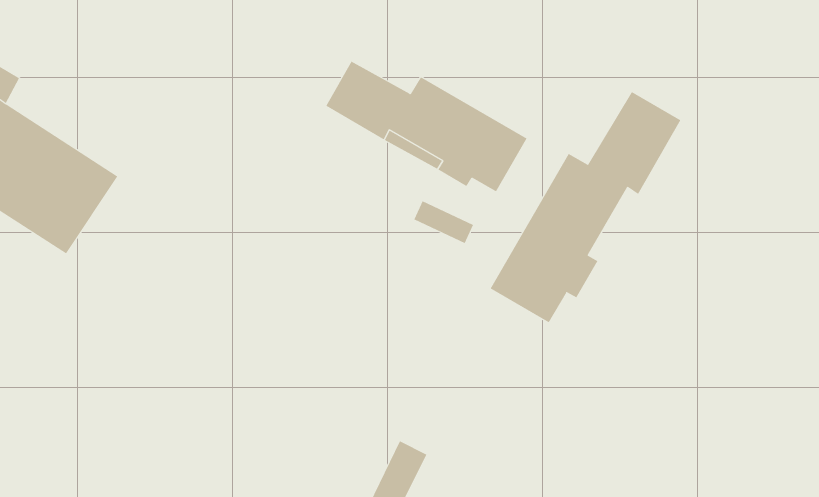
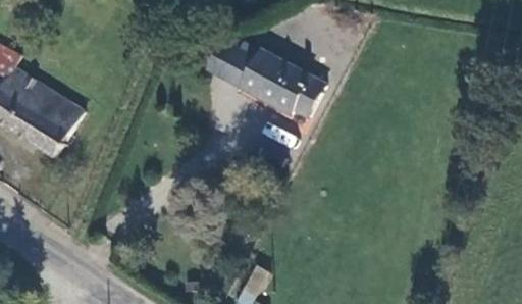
building: [490,91,681,323] -> none

